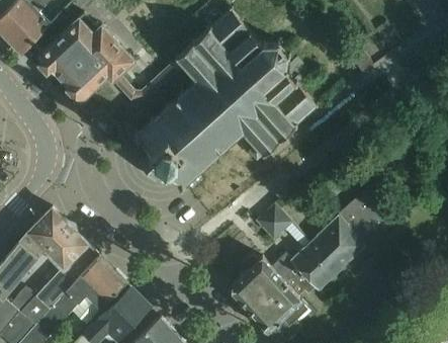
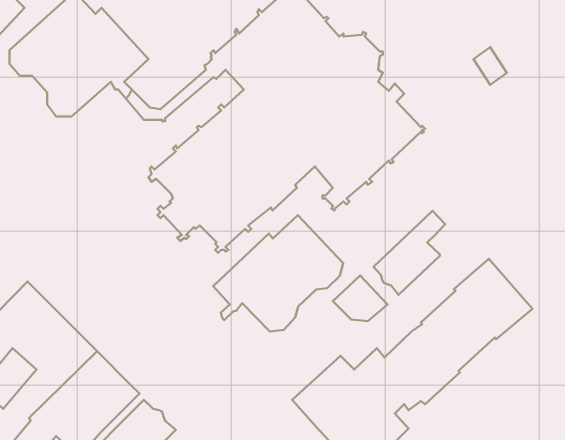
building: none -> [373,211,445,295]
building: none -> [213,215,343,331]

